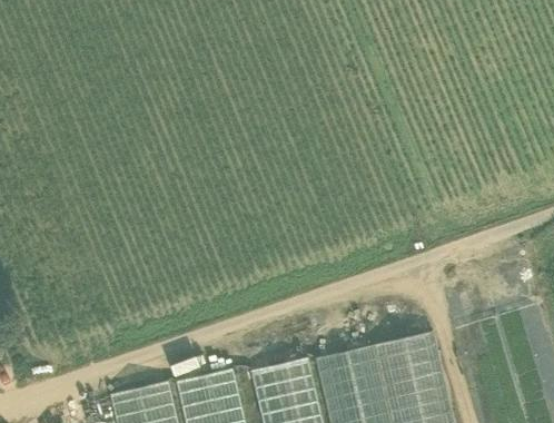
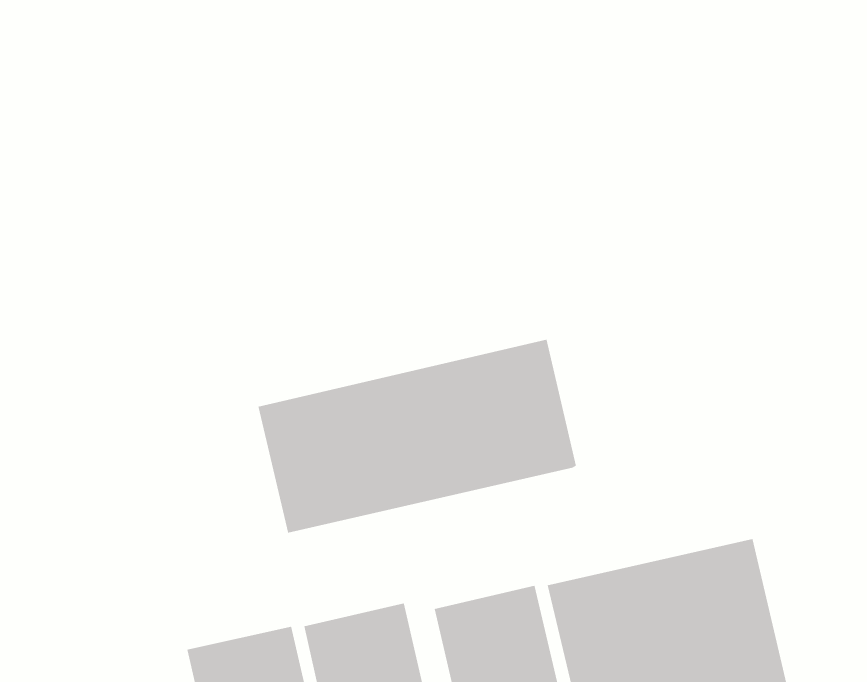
building: none -> [258,339,577,533]

